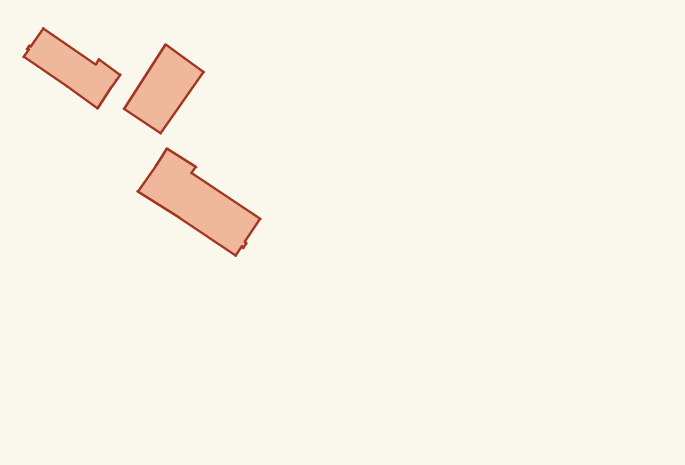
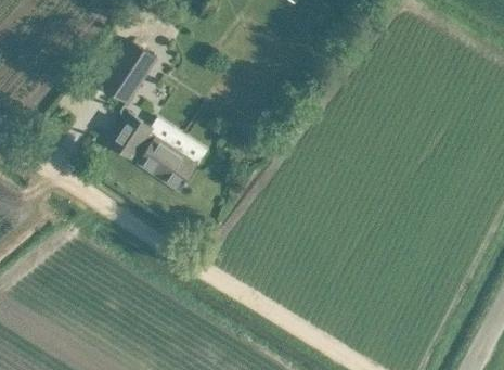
building: [24,28,120,108] -> none

